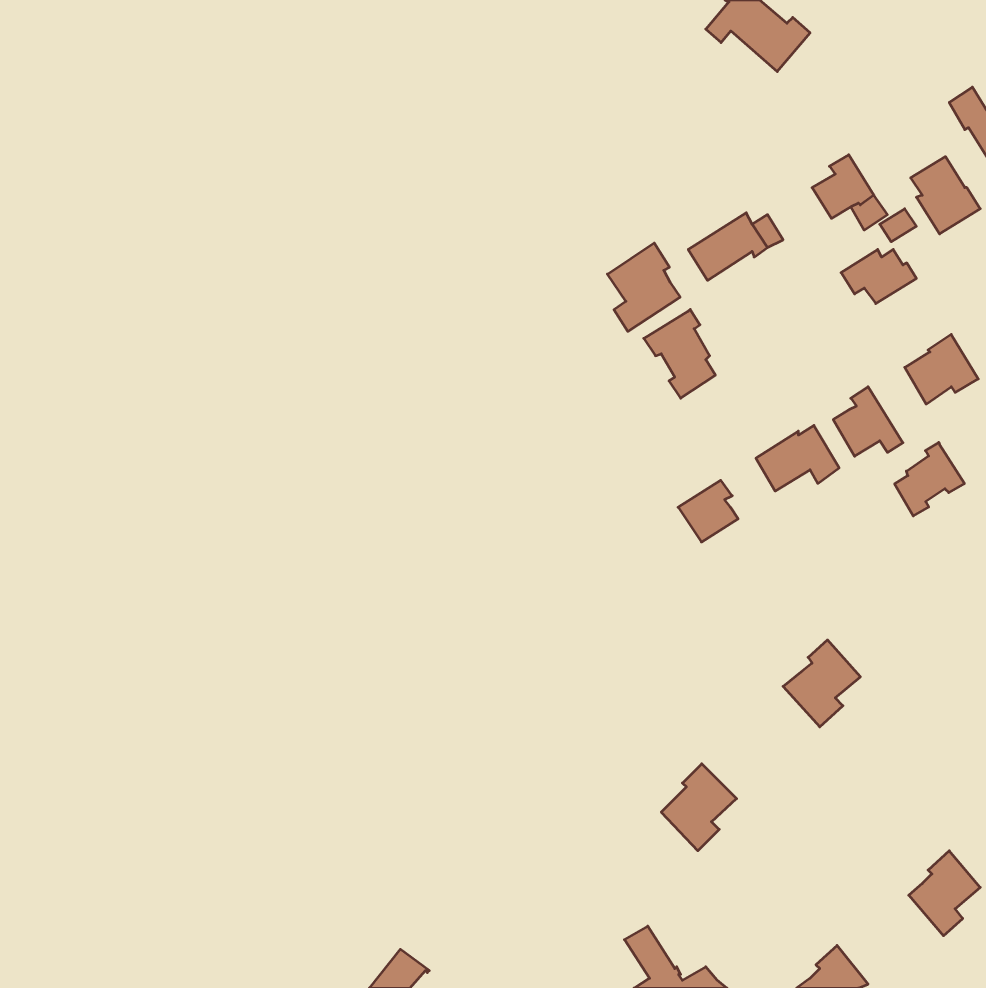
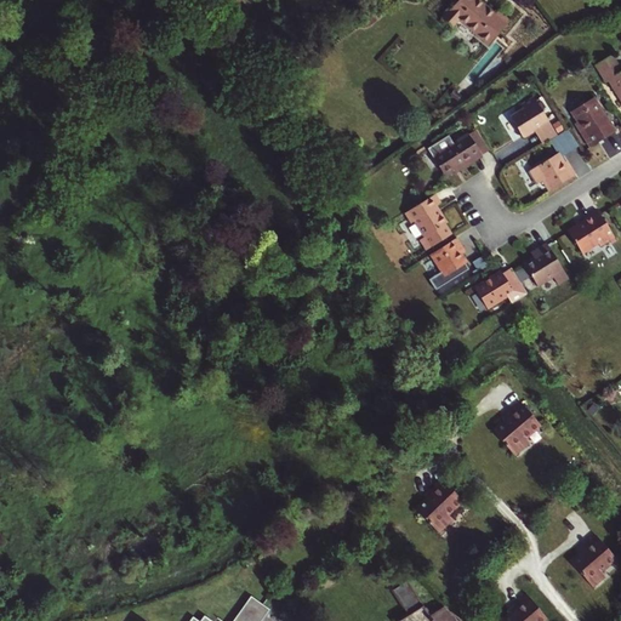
building: [607,243,680,331] -> none
building: [895,442,964,516] -> none
building: [678,480,738,542] -> [431,238,468,277]

